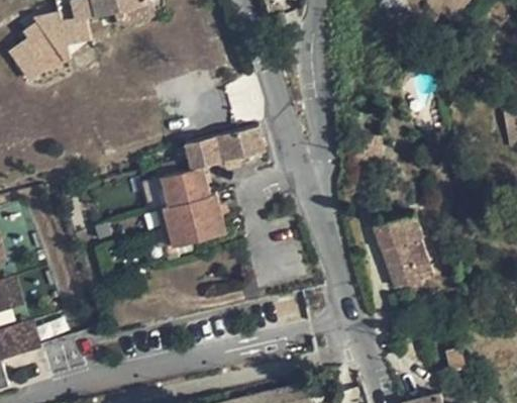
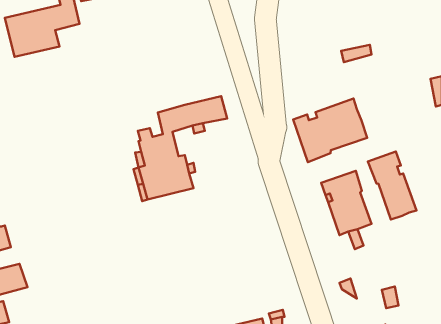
building: none -> [293,98,367,162]
building: none -> [368,152,417,220]

